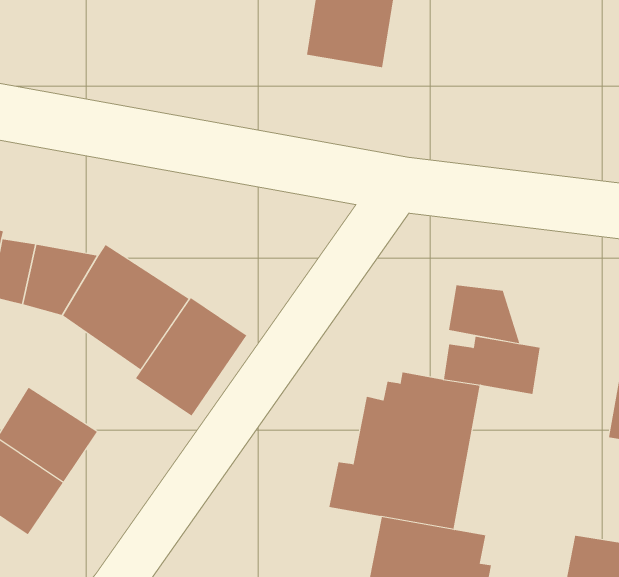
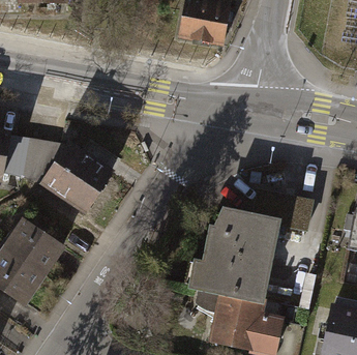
building: [449,284,520,344] -> none
building: [135,297,247,416] -> none

